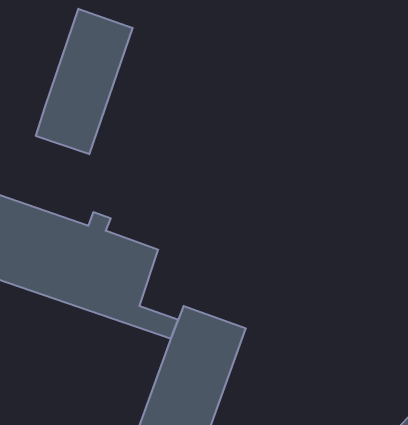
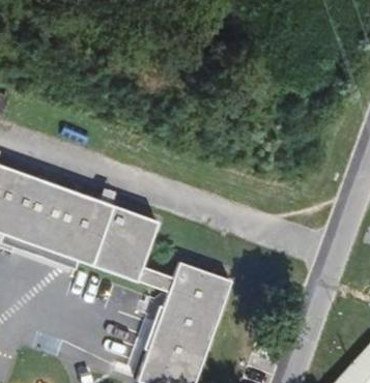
building: [36,9,133,154] -> none

